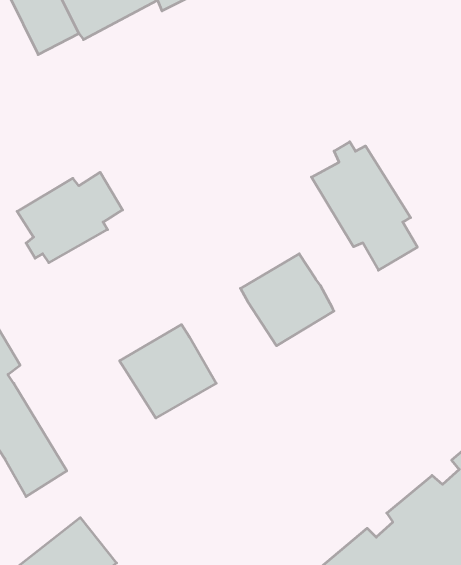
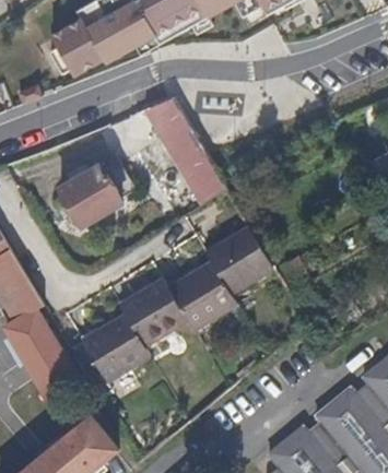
building: none -> [102,99,230,205]
building: [311,142,417,270] -> none
building: none -> [171,261,239,328]
building: none -> [83,312,152,380]

